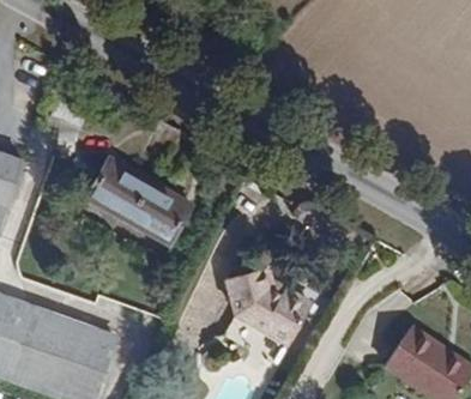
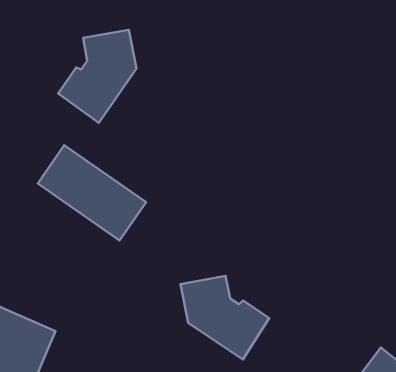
building: none -> [58,30,136,123]

